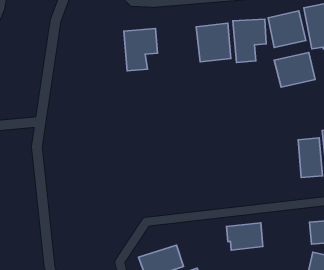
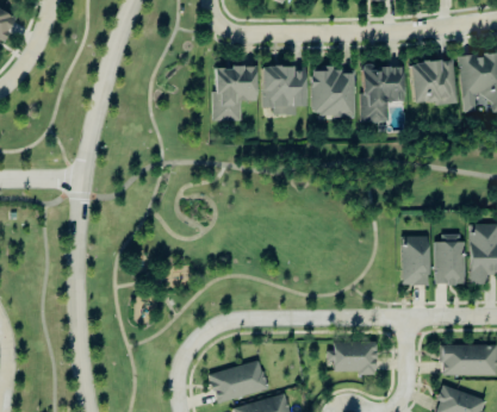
building: none -> [261,67,305,114]
building: [274,52,315,87] -> none
building: none -> [400,235,428,285]

